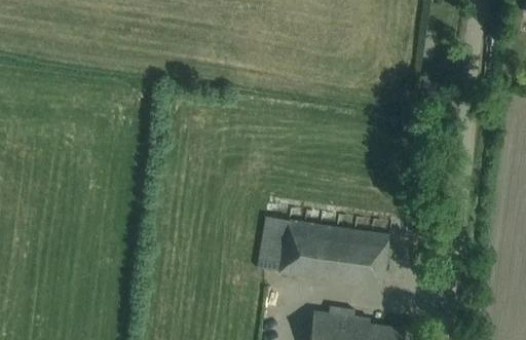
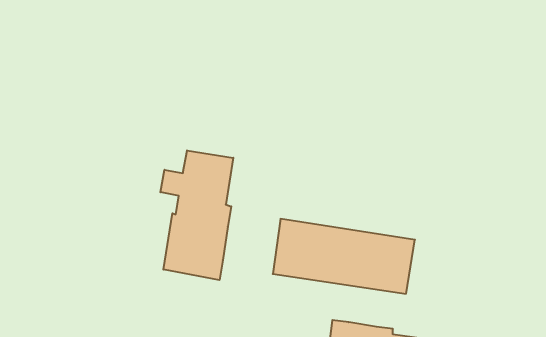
building: none -> [160,150,233,280]

